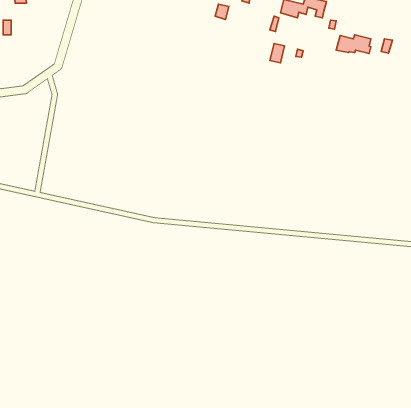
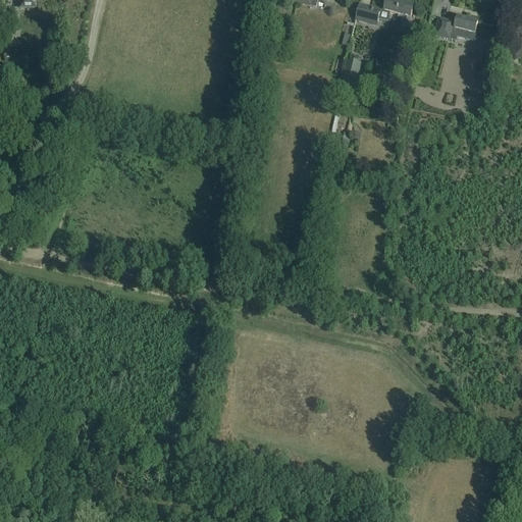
building: [336,35,371,53] -> [433,13,477,37]

